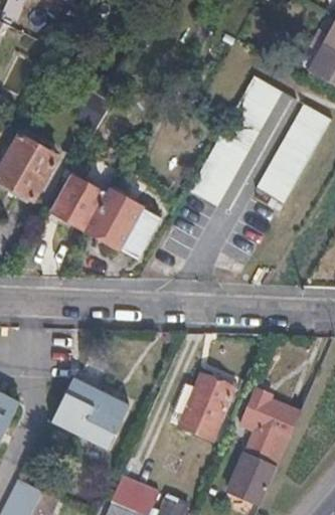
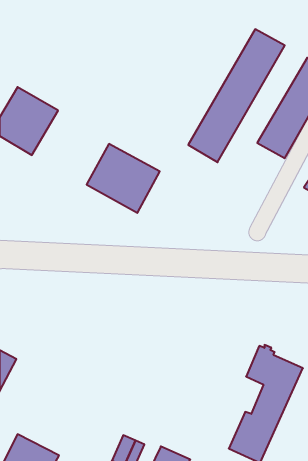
building: [48,174,104,229] -> none
building: [180,374,234,440] -> none
building: [50,377,128,448] -> none

